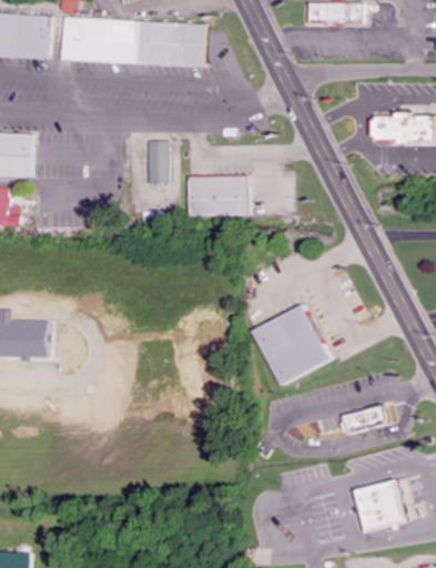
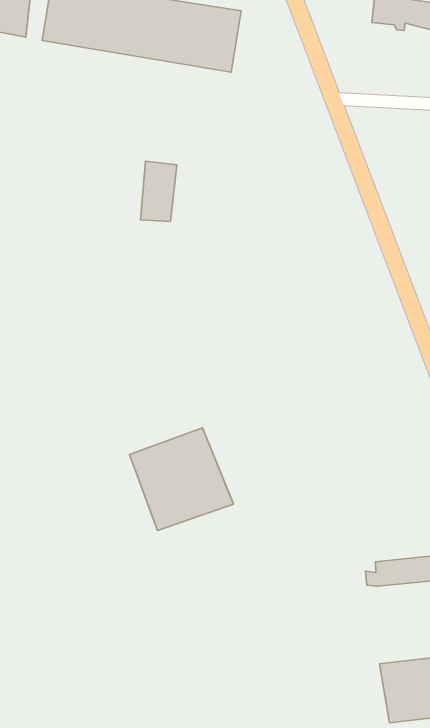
building: [187,175,250,215] -> none
building: [251,305,331,384] -> [130,428,233,531]

